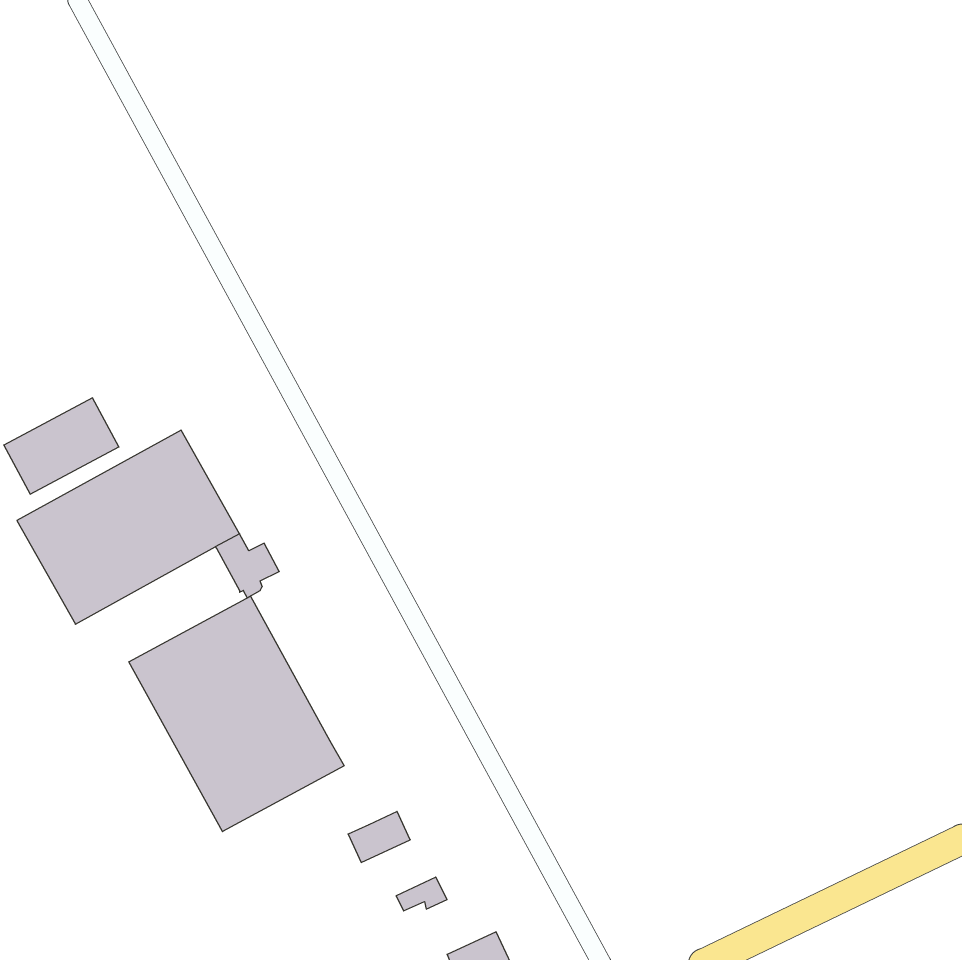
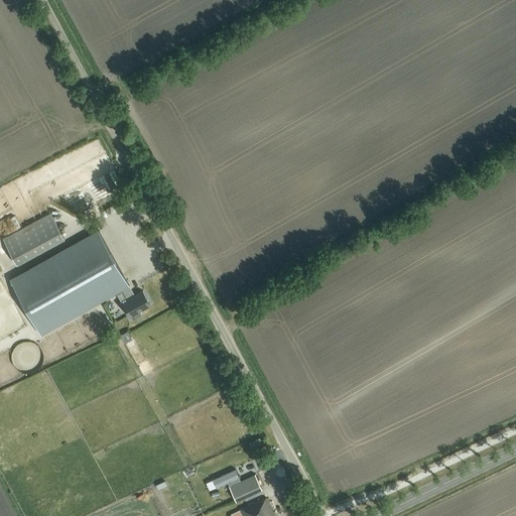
building: [129,596,344,832] -> none
building: [348,811,410,862] -> [228,476,261,503]

